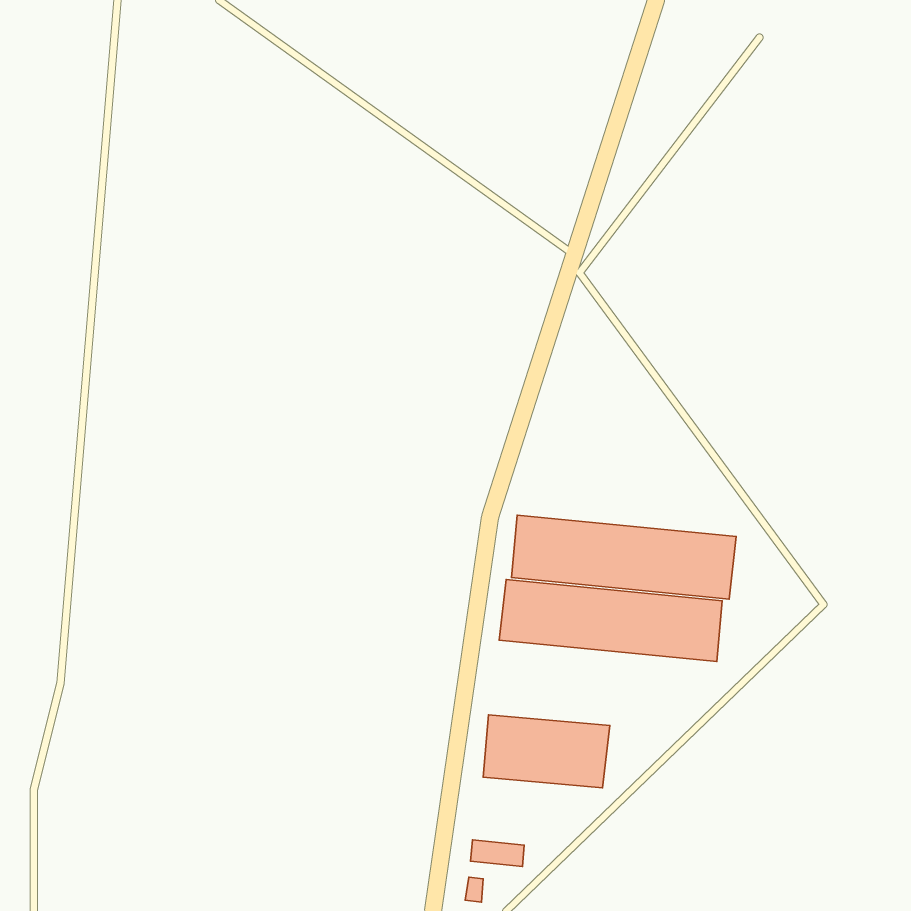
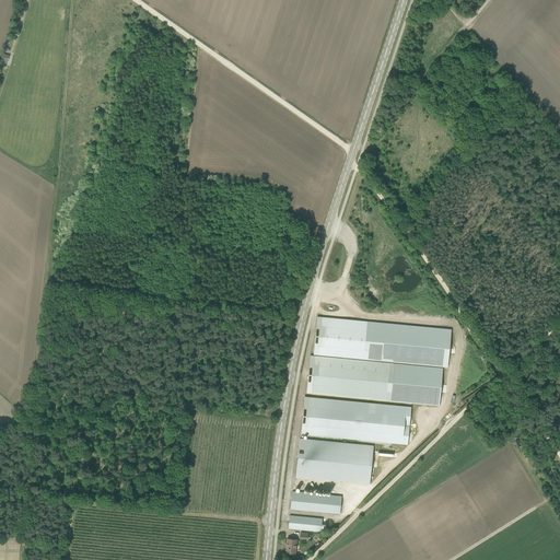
building: none -> [301,397,411,444]
building: none -> [290,491,341,514]

